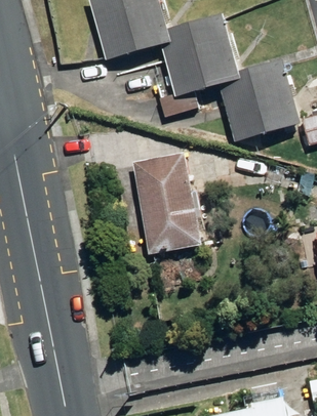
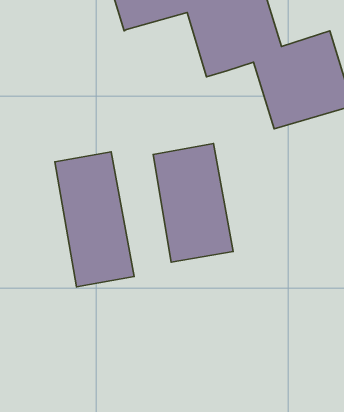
building: none -> [55,152,134,287]

